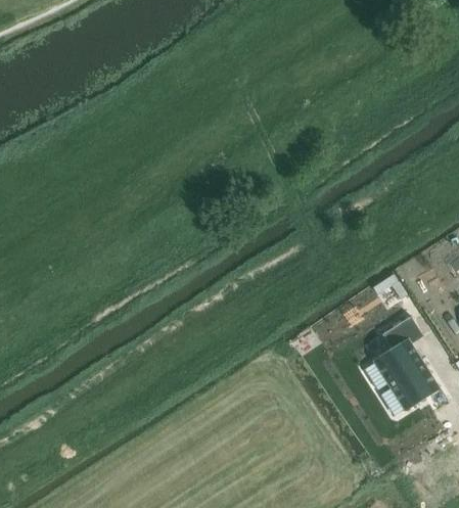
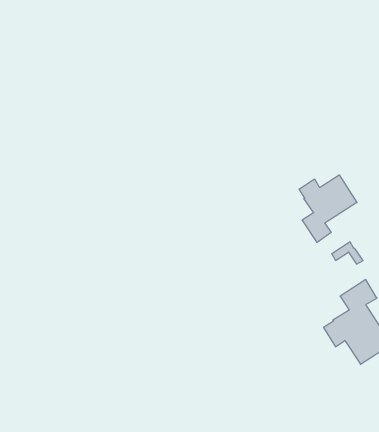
building: none -> [299,175,357,242]

